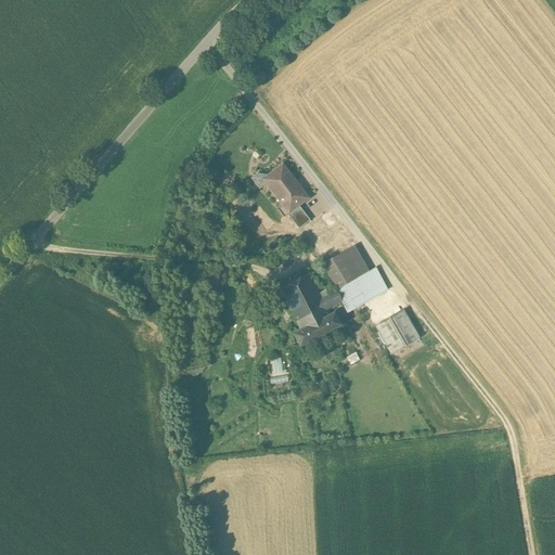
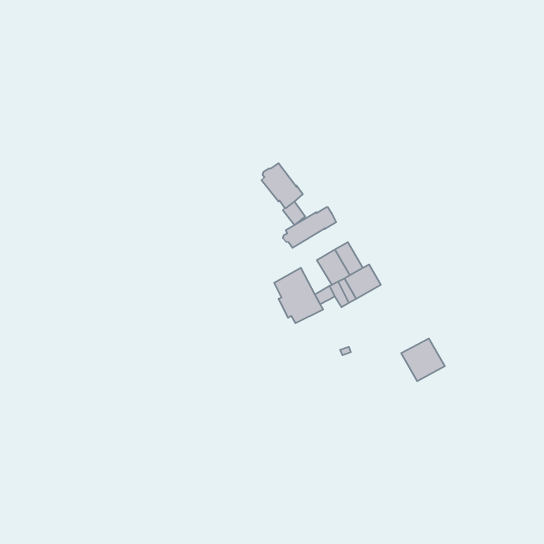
building: none -> [283,207,336,248]
building: [376,310,421,353] -> [401,338,445,381]
building: [293,312,341,347] -> none

